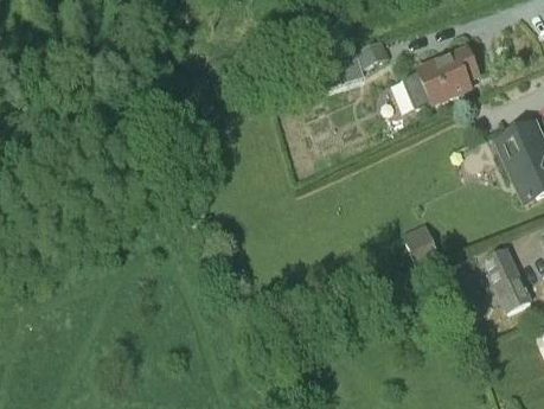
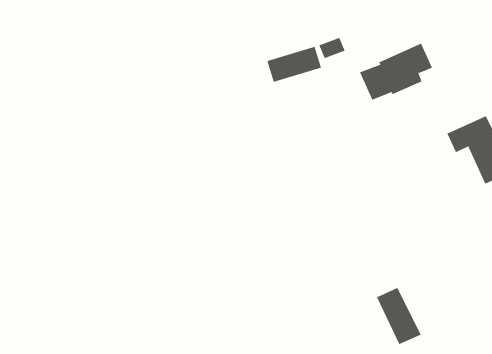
building: [403,224,439,264] -> none
building: [484,250,531,311] -> [376,287,421,345]

